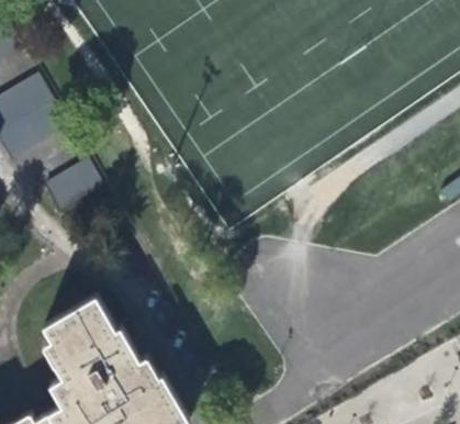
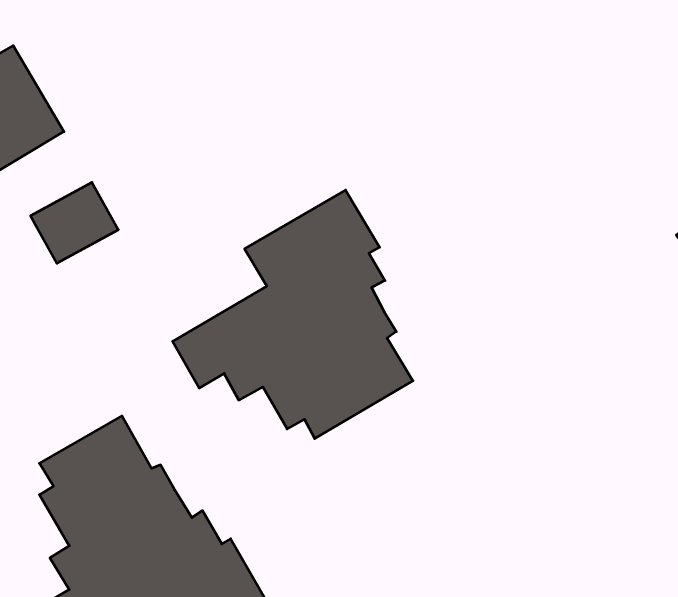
building: none -> [173,190,413,439]

